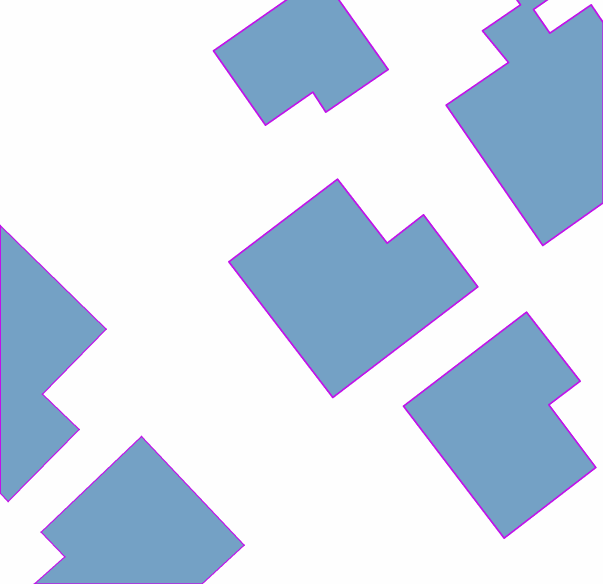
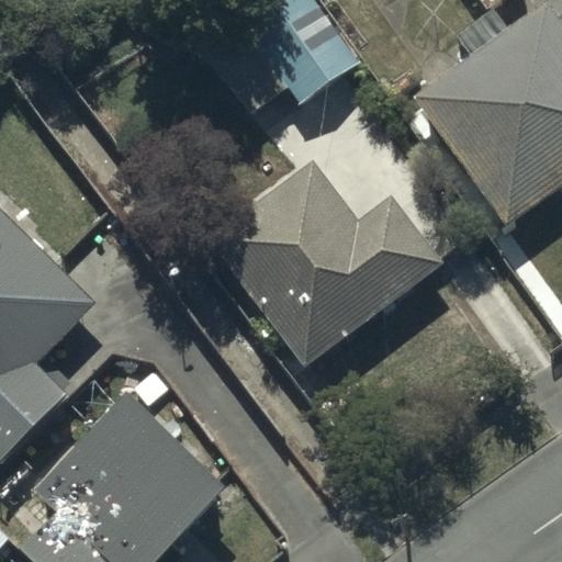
building: [403,312,596,538] -> none

